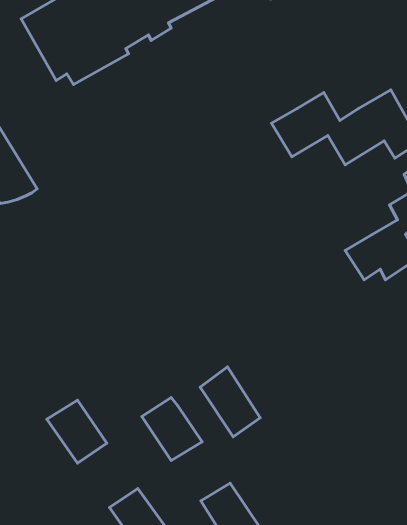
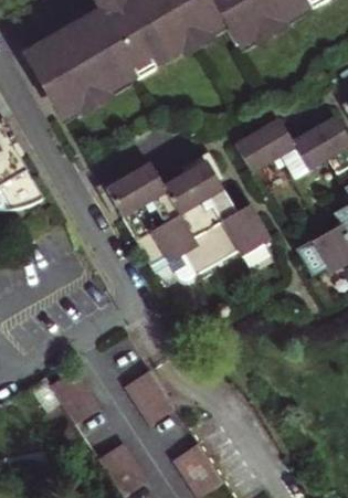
building: none -> [103,159,267,276]
building: [200,367,260,437] -> none

